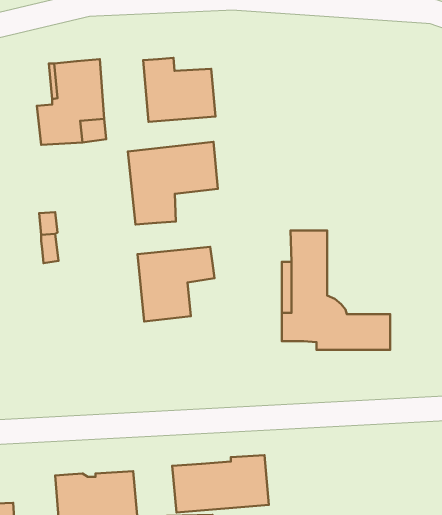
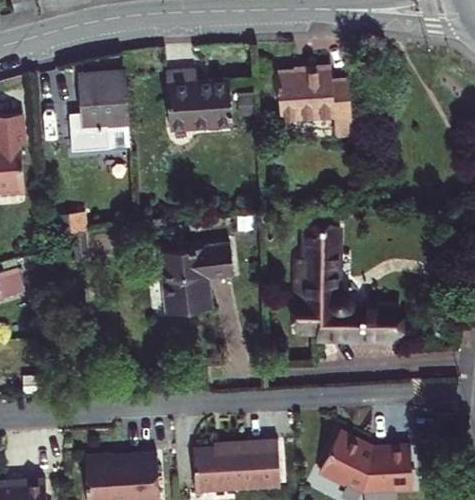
building: none -> [275,71,352,140]
building: [128,142,218,225] -> none
building: none -> [330,434,417,484]

